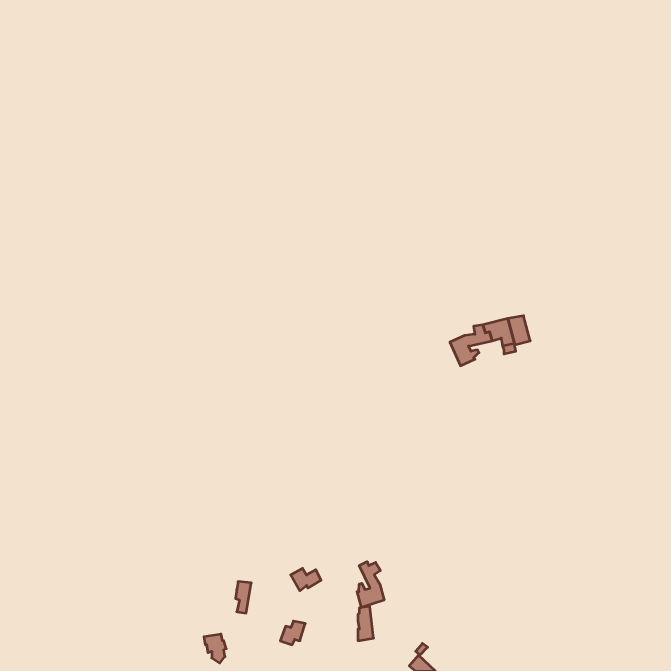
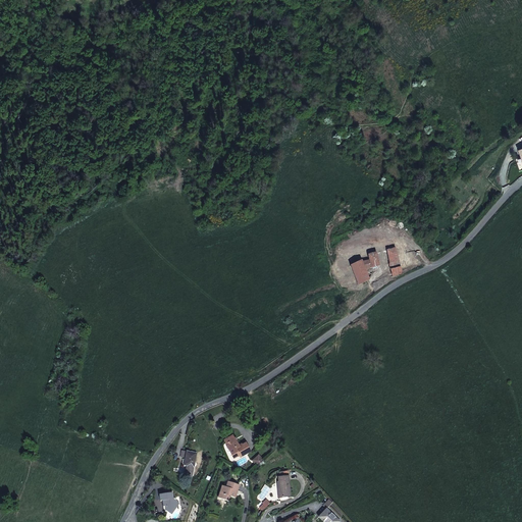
building: [357,562,384,608] -> none

